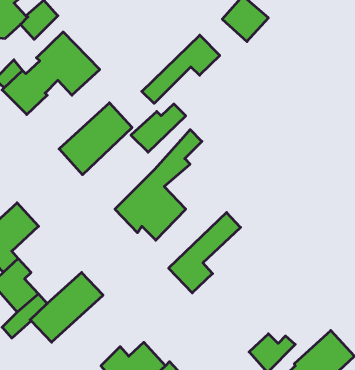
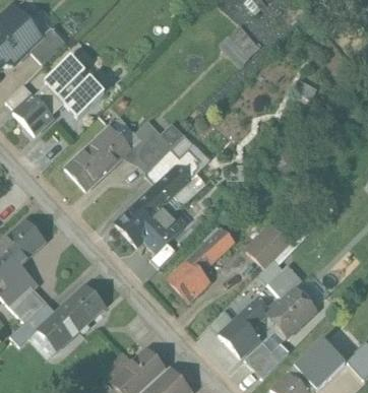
building: [142,35,220,103] -> none
building: none -> [247,218,294,266]
building: none -> [267,270,315,336]
building: none -> [220,301,266,355]

